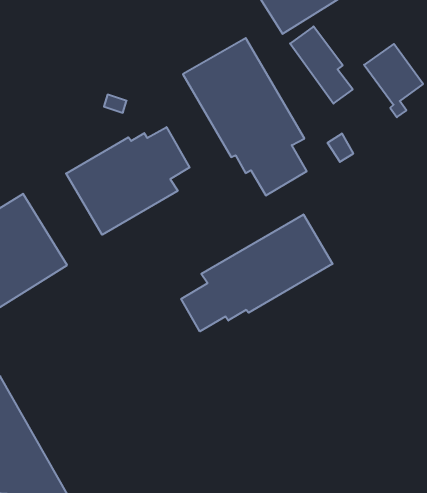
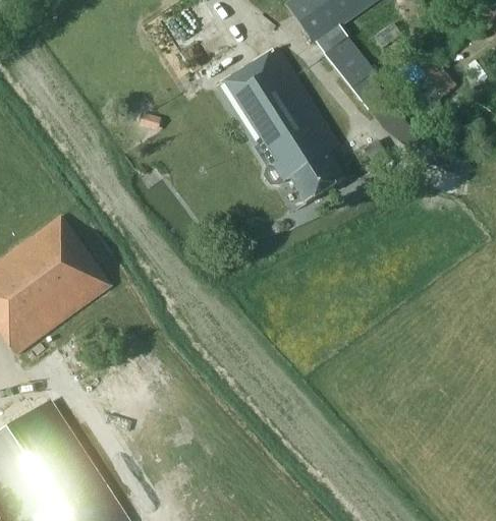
building: [66,127,190,235] -> none
building: [181,214,333,331] -> none

